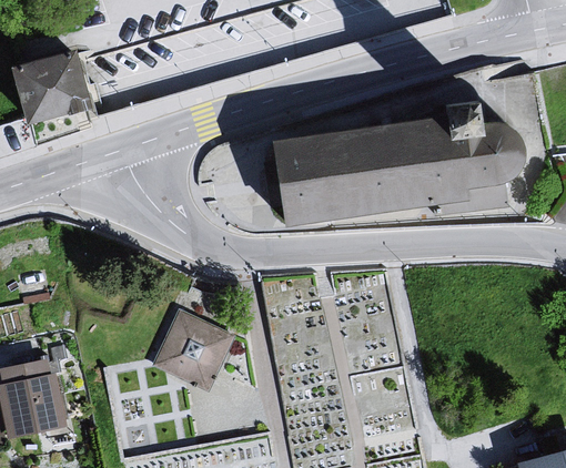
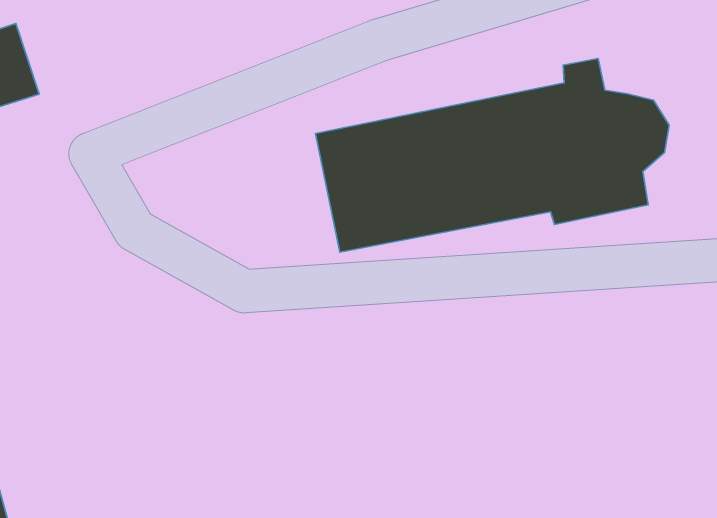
building: [156,309,224,385] -> none

